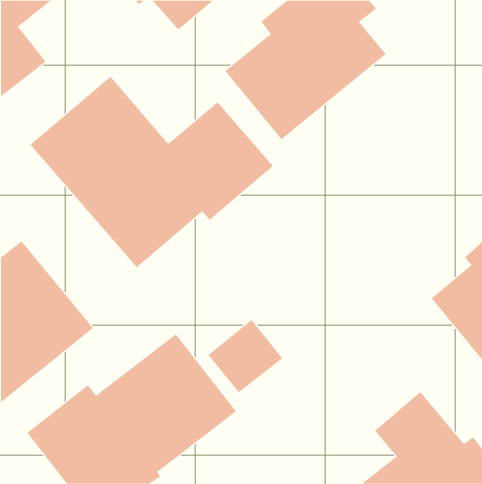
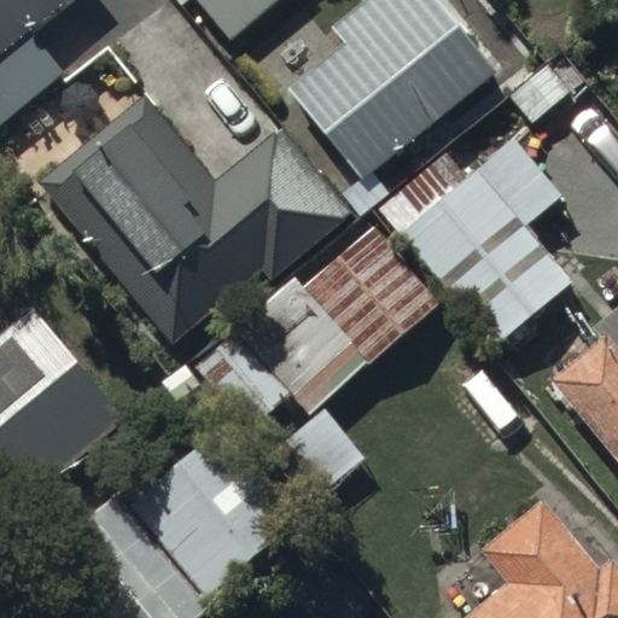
building: none -> [378,138,571,346]
building: none -> [193,226,438,430]

